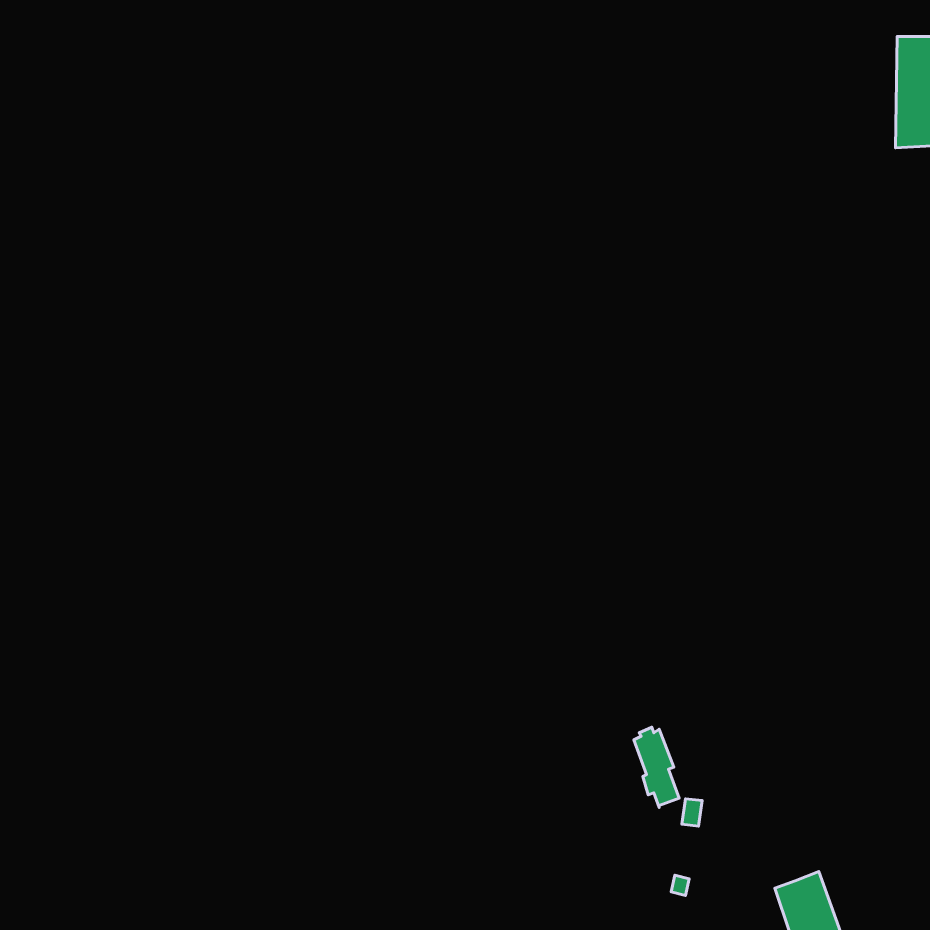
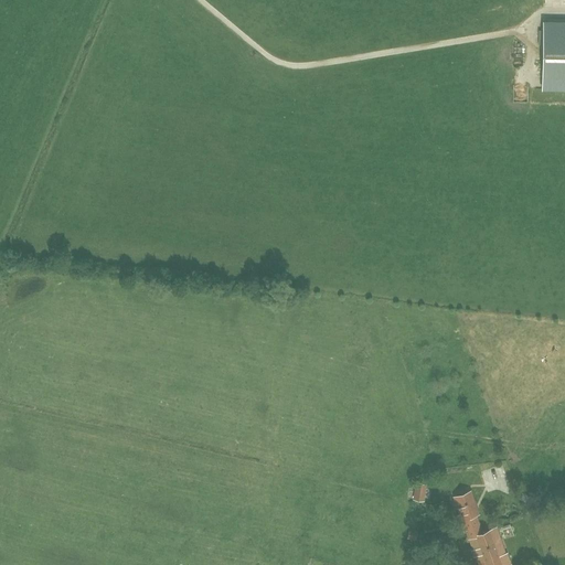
building: [634,727,679,807] -> [455,491,482,540]

